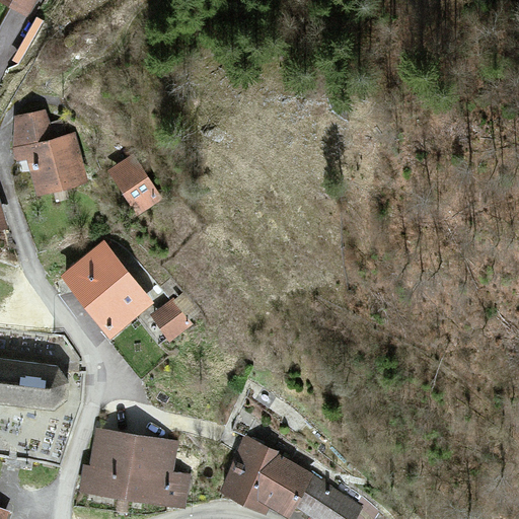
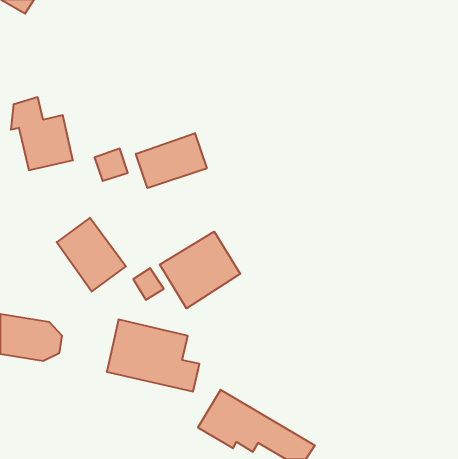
building: none -> [136,133,207,188]
building: none -> [160,232,240,308]
building: [83,429,188,510] -> [107,320,199,392]

